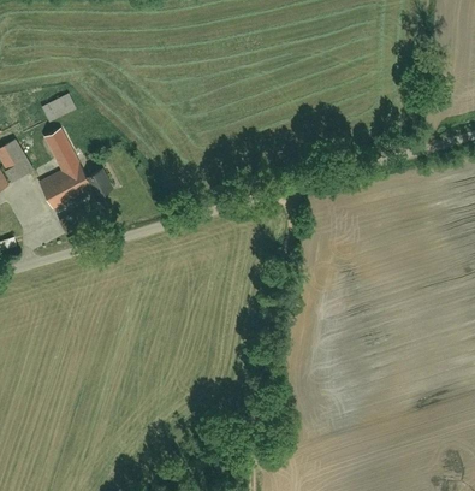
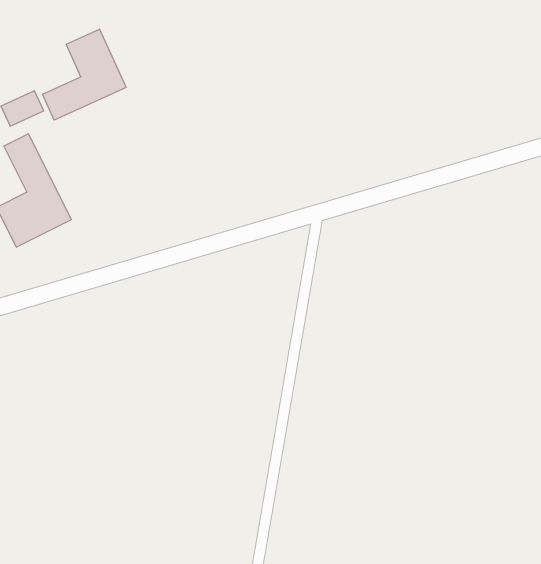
building: none -> [43,29,126,120]

